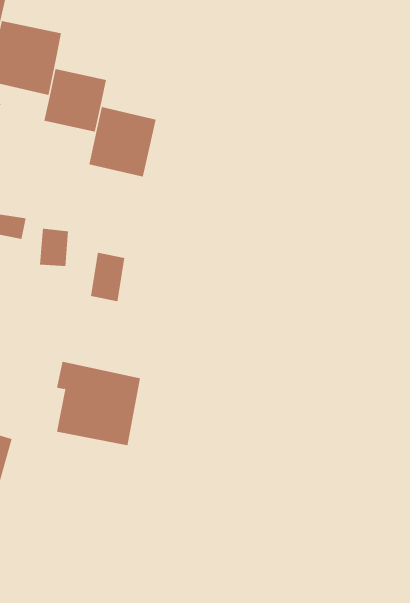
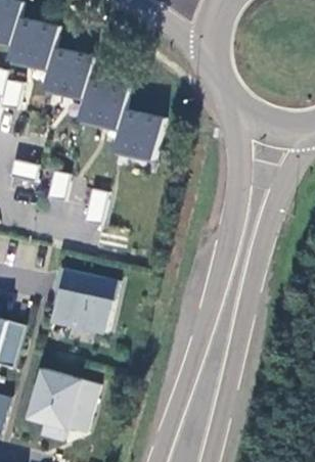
building: none -> [115,110,165,166]
building: none -> [31,365,98,435]

